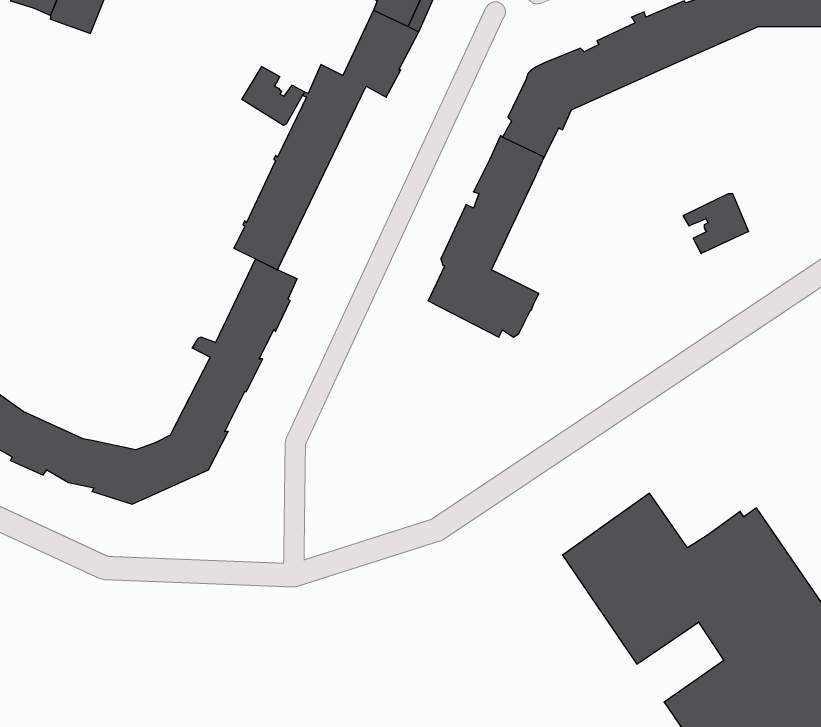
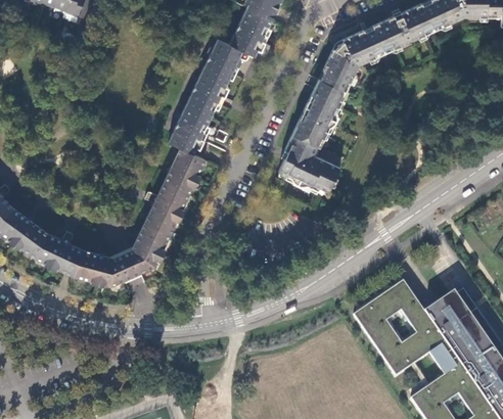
building: [242,66,305,126] -> none
building: [683,193,749,254] -> none

